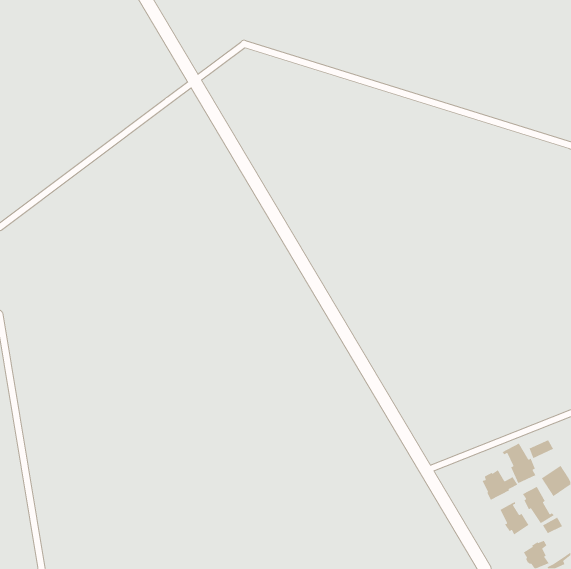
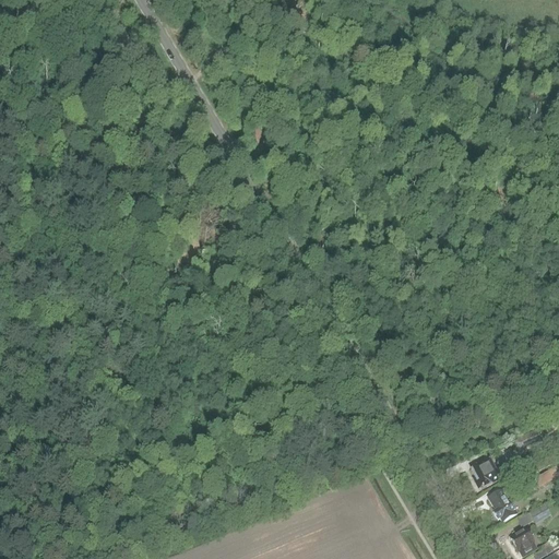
building: [502,442,537,484] -> none
building: [522,486,555,524] -> none

